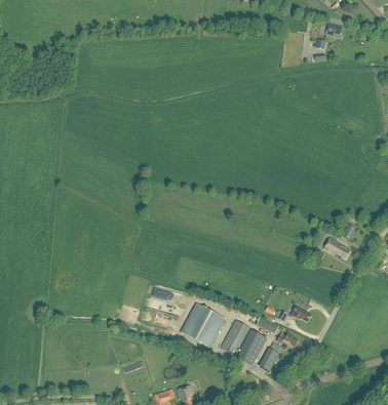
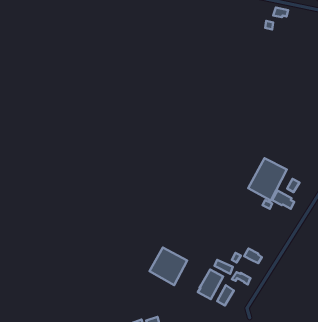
building: none -> [248,158,287,200]
building: [221,319,251,357] -> none

